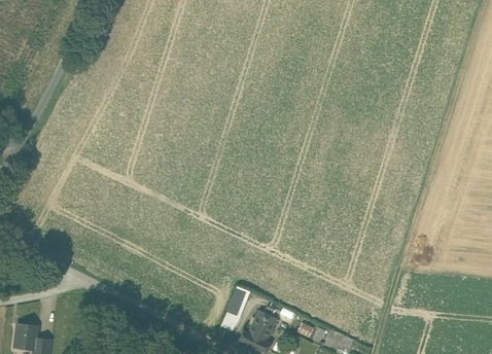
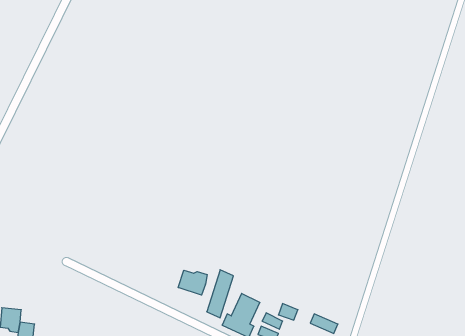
building: none -> [178,270,207,295]

